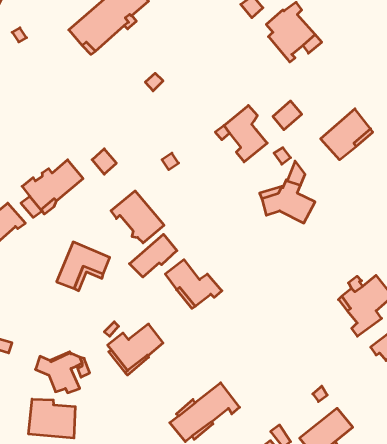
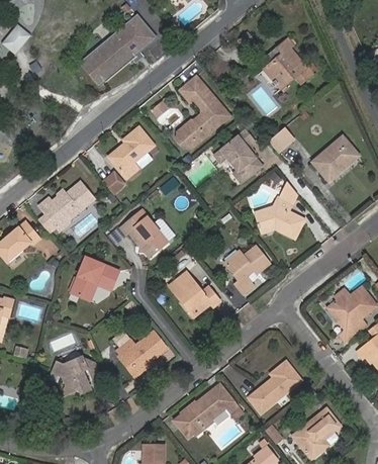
building: none -> [178,77,229,149]
building: none -> [107,125,153,178]
building: none -> [223,246,269,293]
building: [129,234,177,277] -> none
building: none -> [247,361,301,412]
building: [29,399,75,438] -> none

